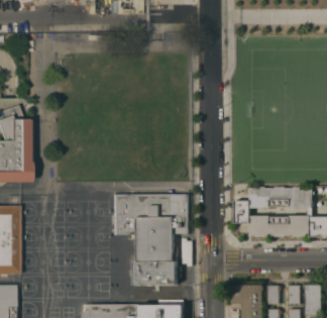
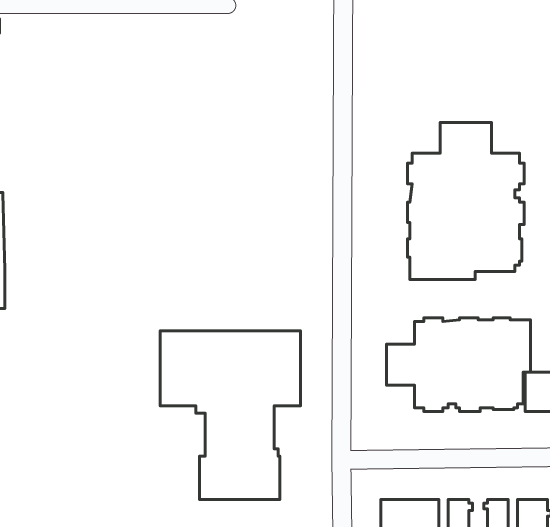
building: none -> [407,123,524,280]

